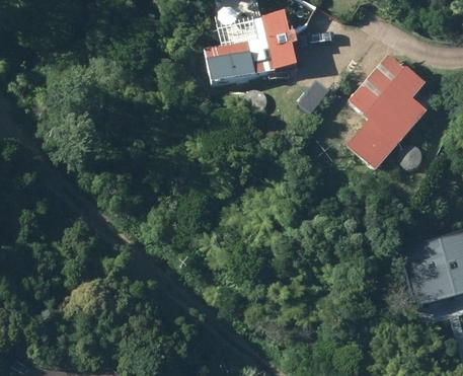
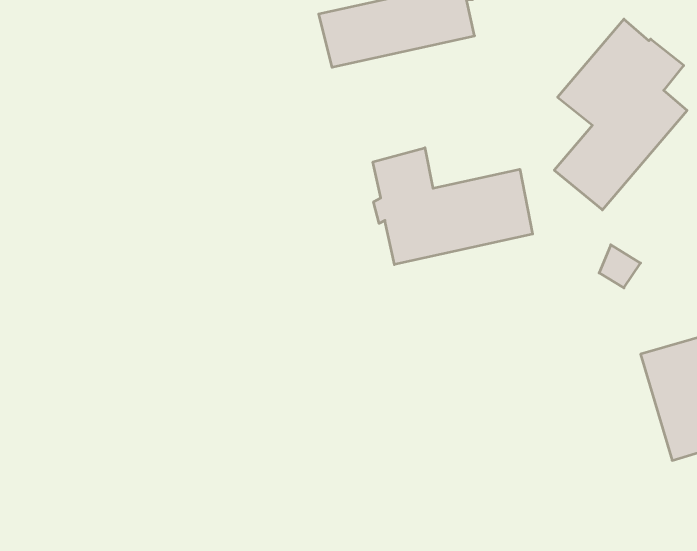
building: none -> [373,148,533,265]

